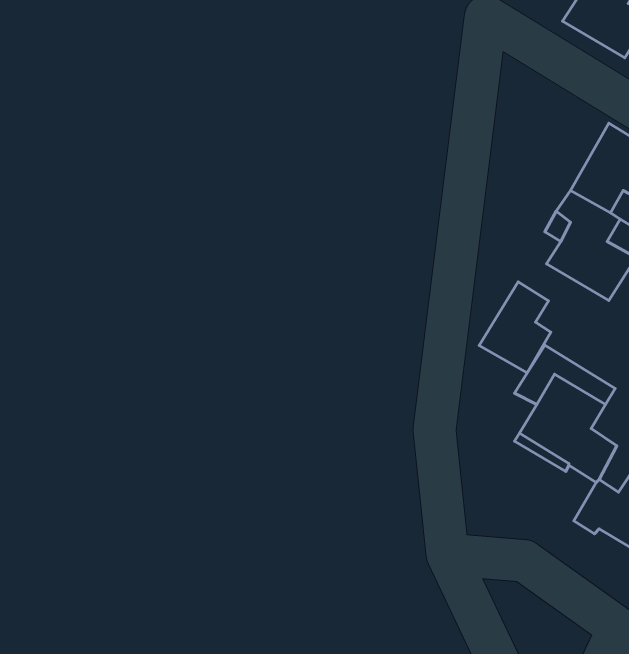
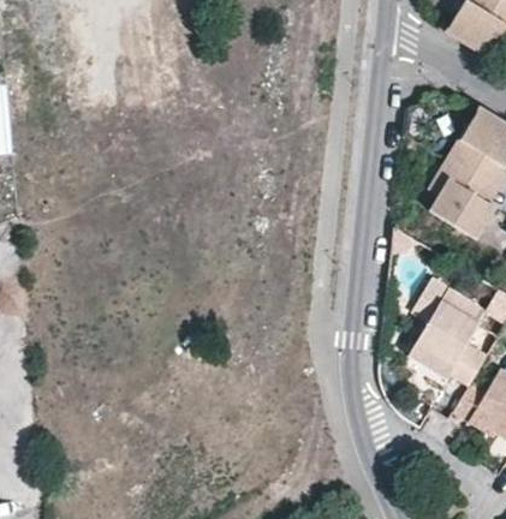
building: [479,282,551,373] -> none

